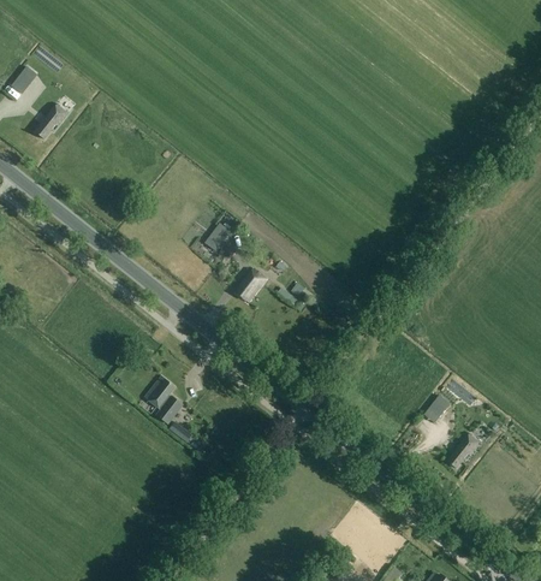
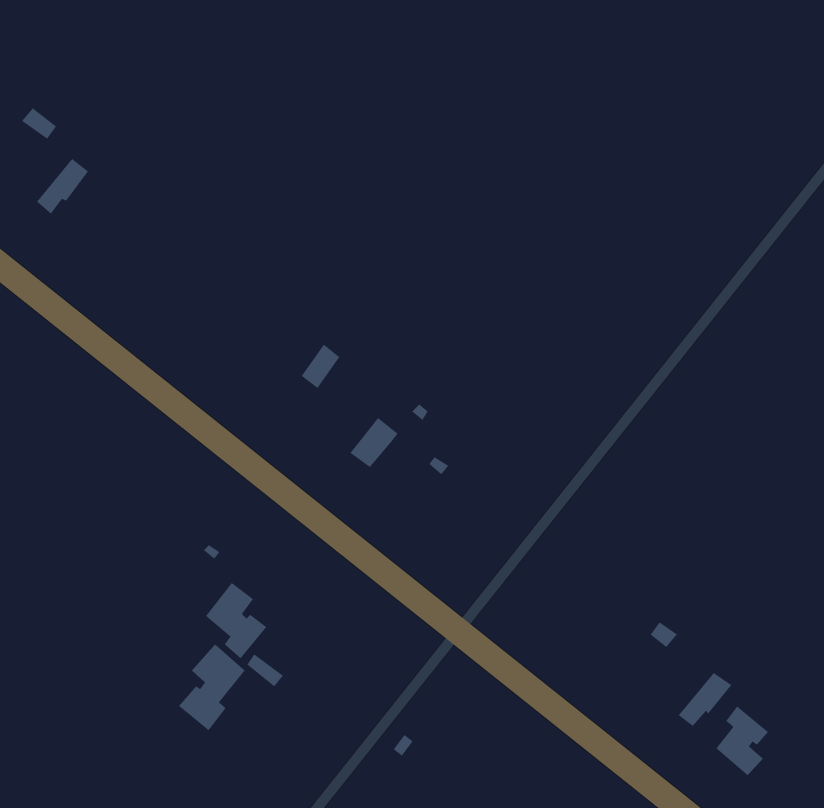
building: none -> [178,643,245,731]
building: none -> [715,706,769,776]

